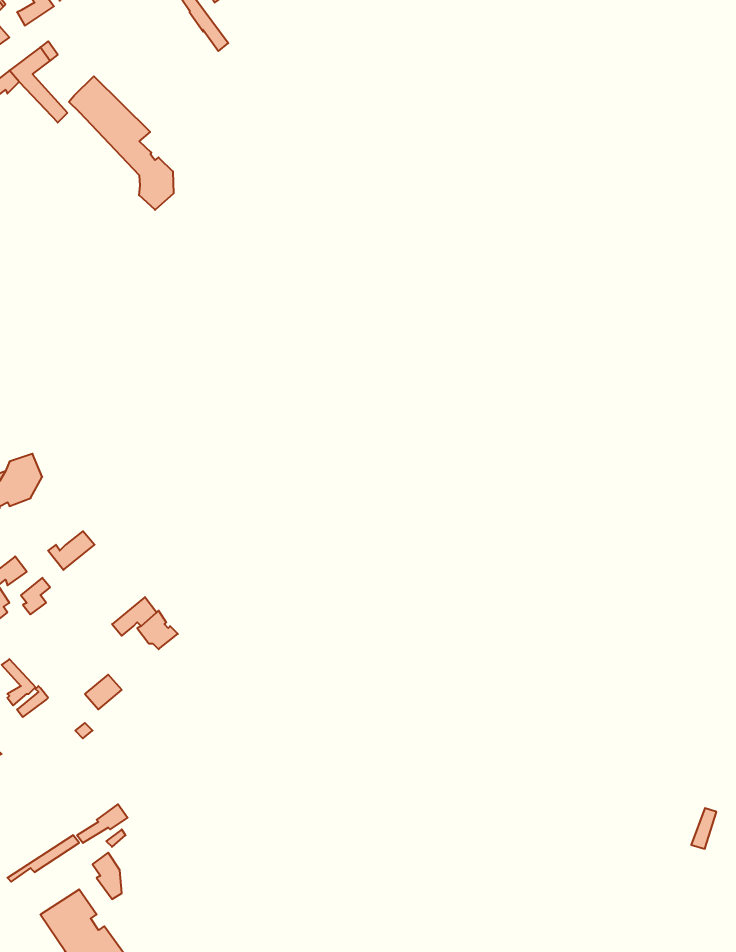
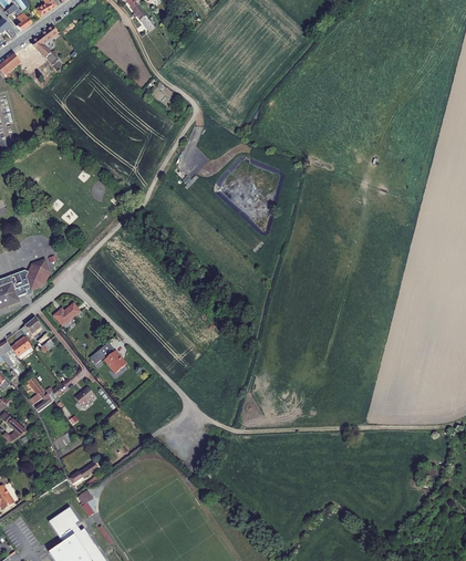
building: [69,76,173,210] -> none

